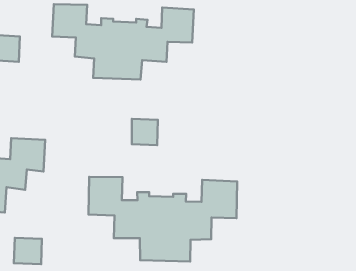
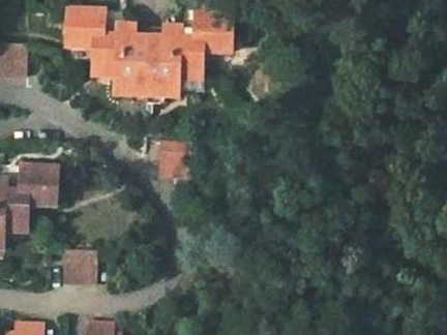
building: [88,177,237,262] -> none
building: [14,238,42,264] -> [61,252,94,283]

